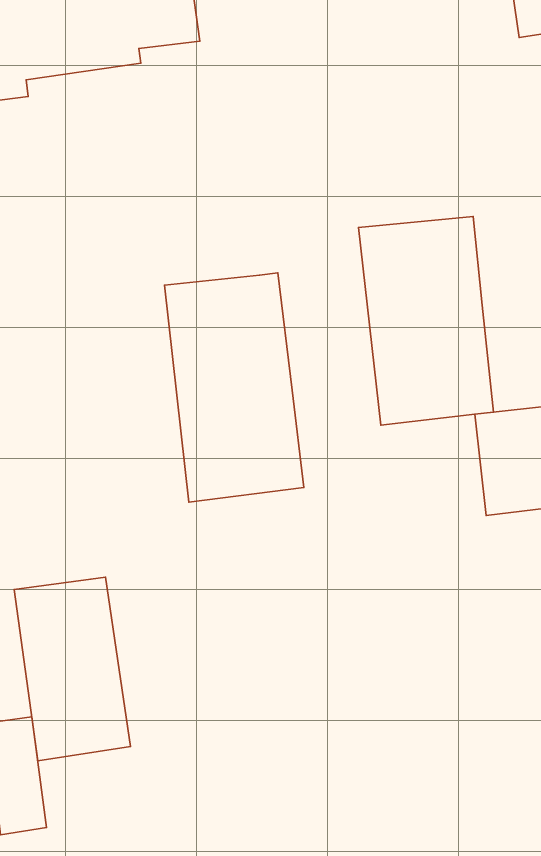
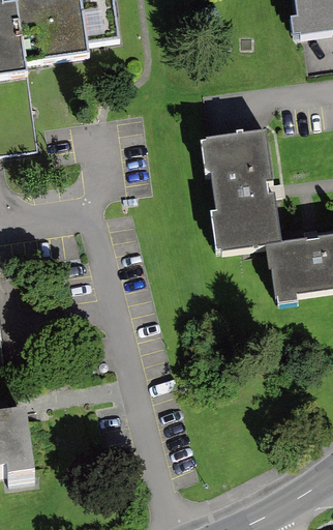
building: [164,273,304,502] -> none
building: [14,577,131,761] -> none

